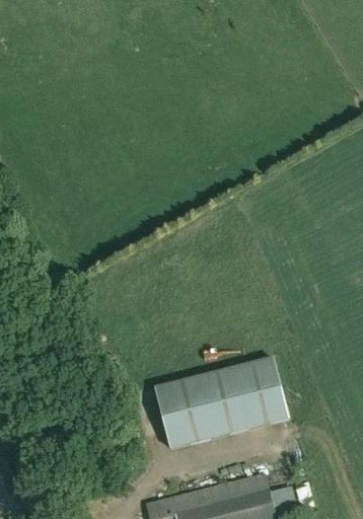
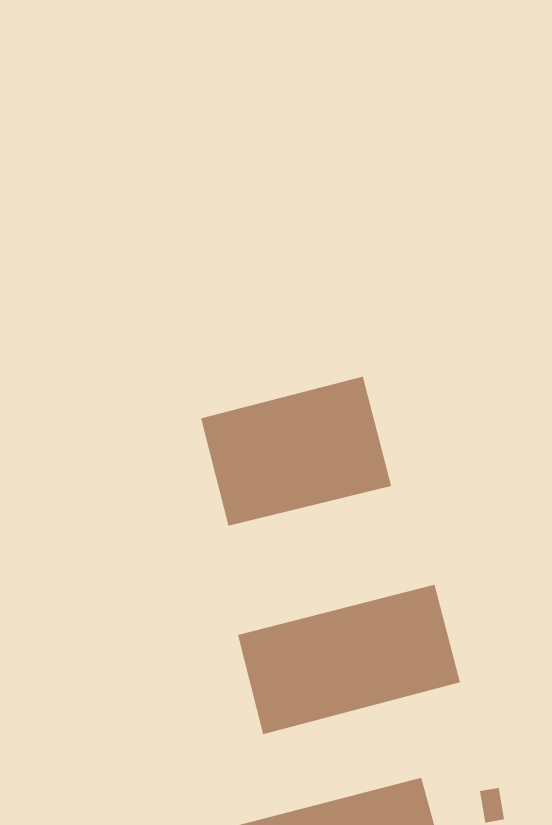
building: none -> [200,376,392,527]

